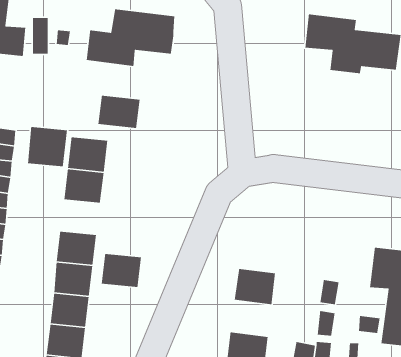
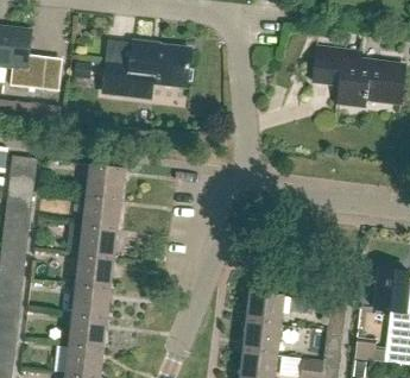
building: [98,95,141,129] -> none
building: [27,126,68,167] -> none
building: [101,253,142,288] -> [78,225,118,258]
building: none -> [241,321,282,355]

